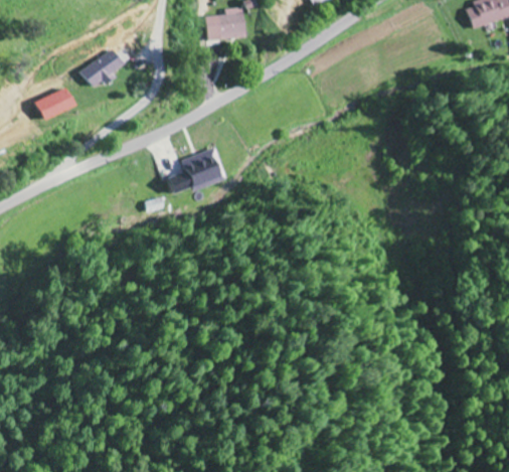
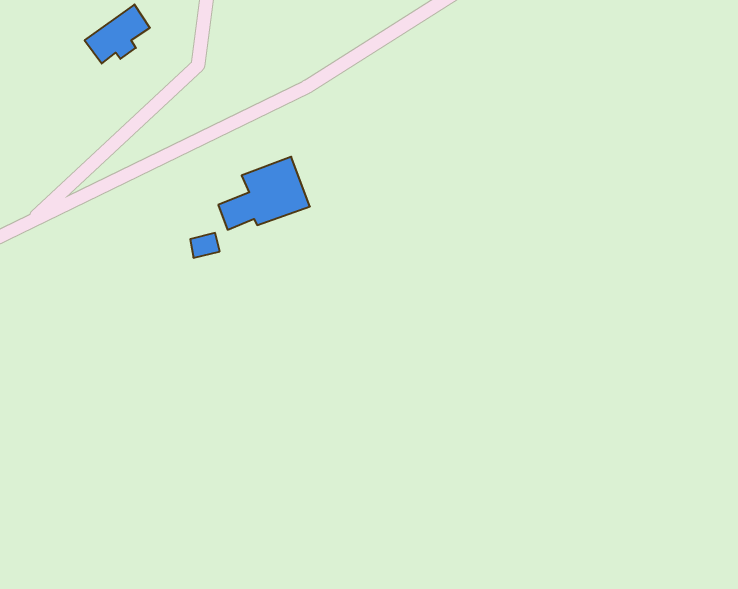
building: [33,88,73,120] -> none

